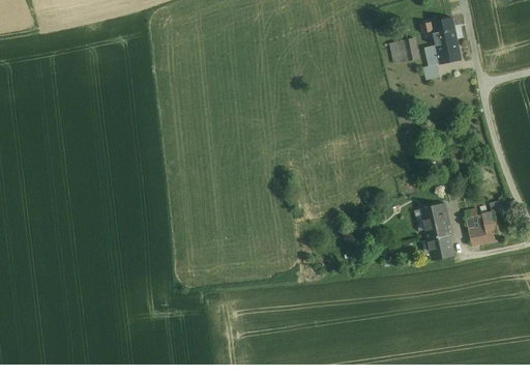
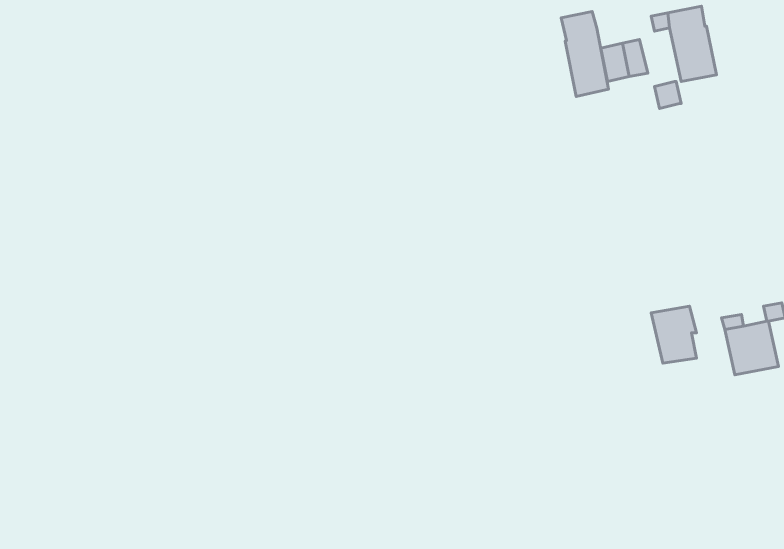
building: none -> [561,11,609,96]
building: [428,235,452,259] -> none

